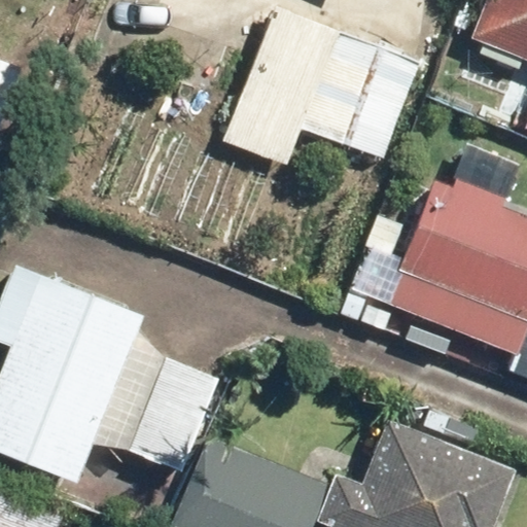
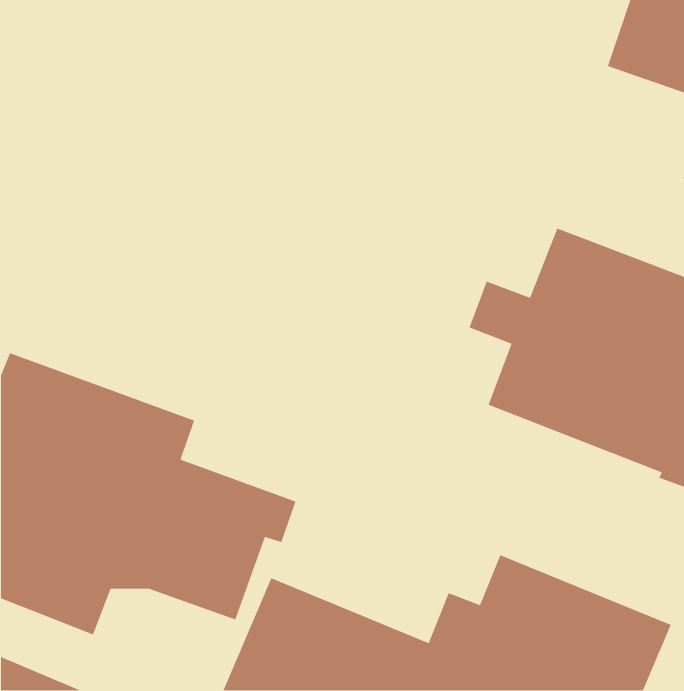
building: [221,7,421,171] -> none

